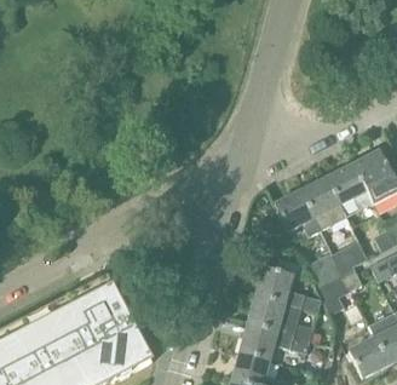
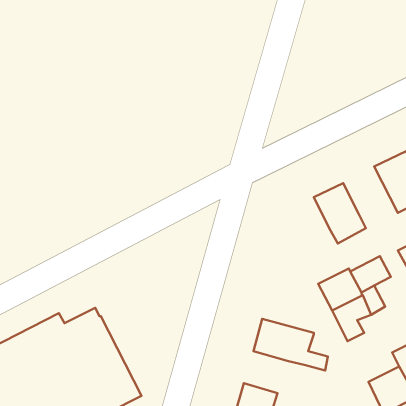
building: [327,162,374,205] -> none
building: [275,189,322,236] -> none
building: [257,257,322,311] -> none
building: [241,322,311,358] -> none

